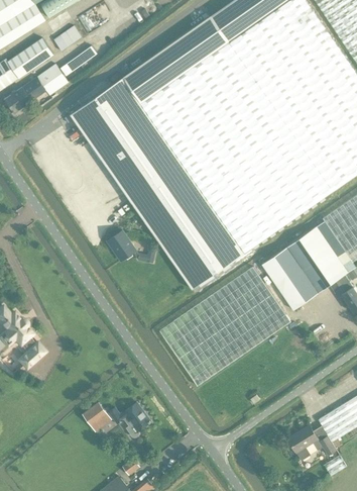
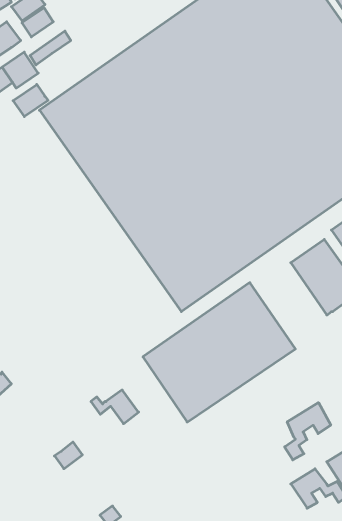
building: none -> [13,84,48,117]
building: [108,230,136,261] -> none
building: [262,247,319,309] -> none
building: none -> [285,403,331,460]
building: [110,402,151,431] -> [91,390,139,424]

